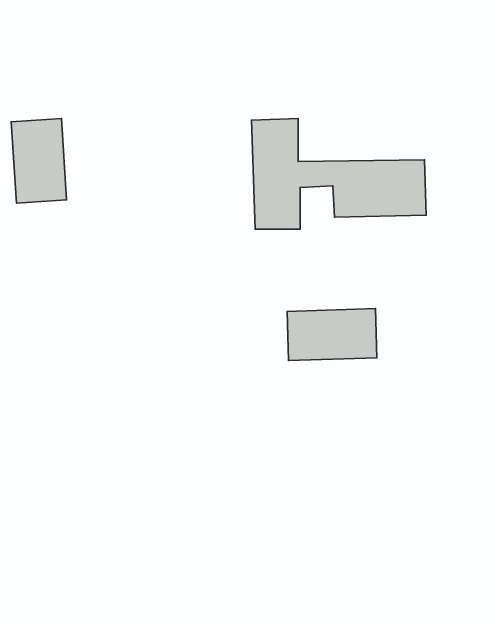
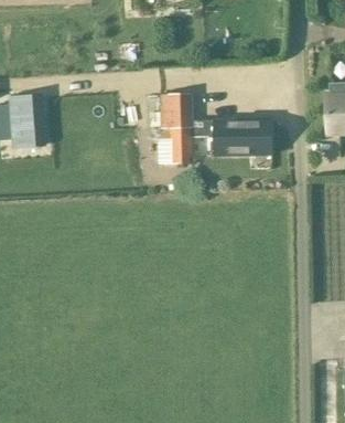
building: [287,309,377,361] -> none

